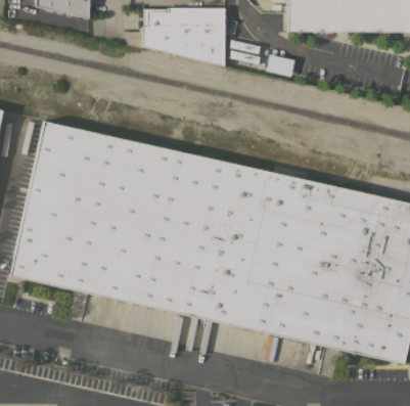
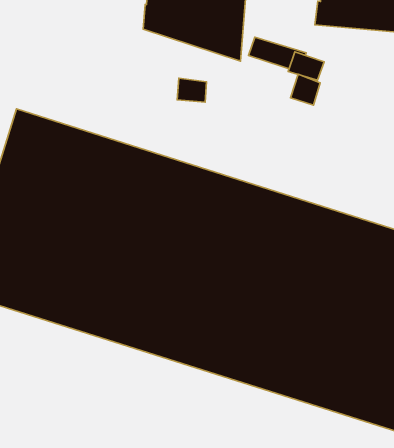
building: none -> [291,74,320,105]
building: none -> [177,78,206,102]

